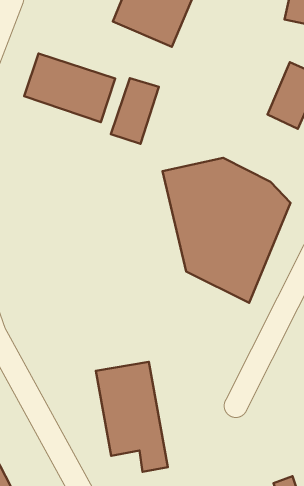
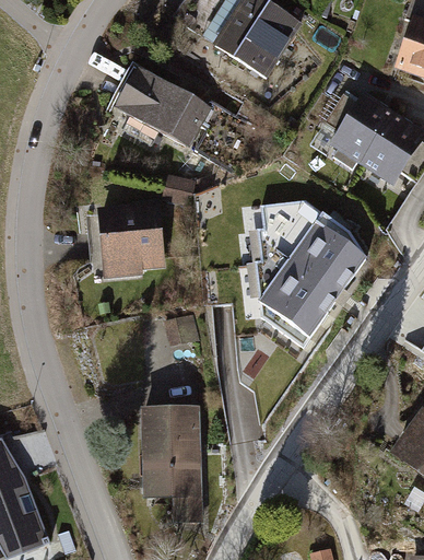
building: none -> [329,91,393,163]
building: [111,78,159,144] -> none
building: none -> [96,200,164,275]

